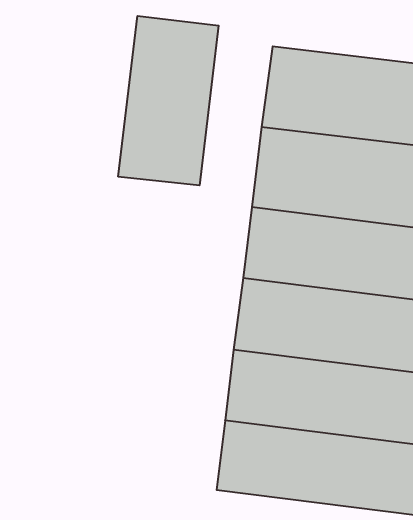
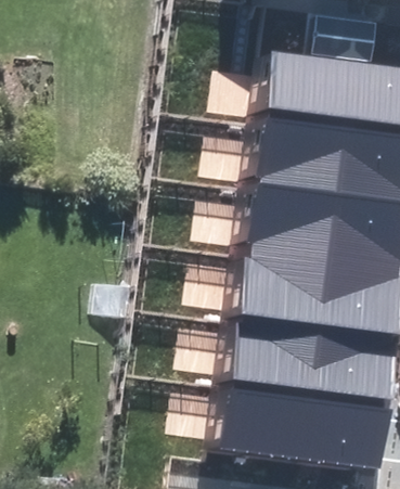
building: [118,16,219,185] -> none

